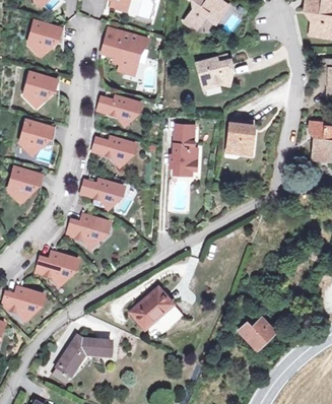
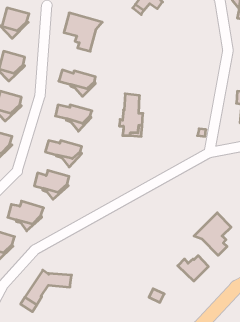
building: [197,56,231,84] -> none
building: [227,119,254,155] -> none
building: none -> [194,213,231,255]
building: [131,286,174,325] -> none

